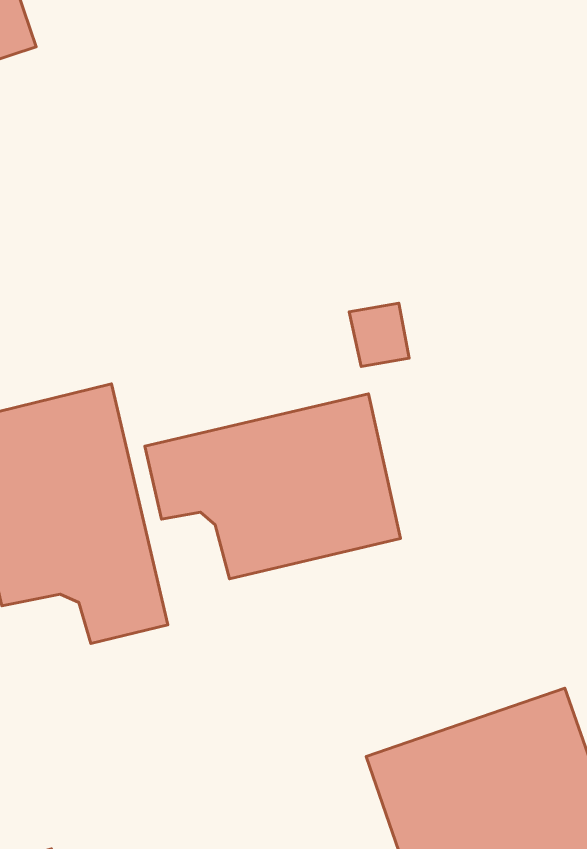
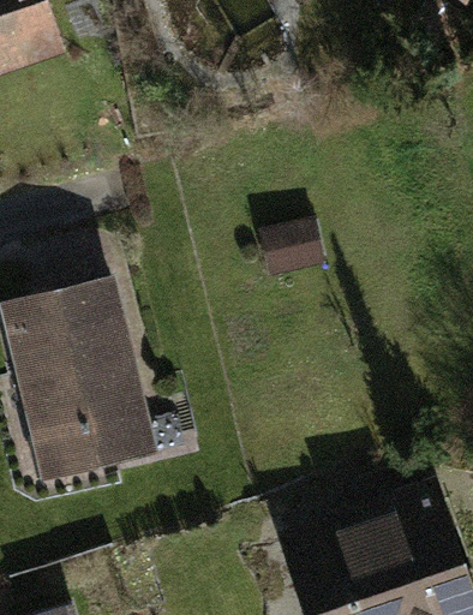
building: [145,394,400,579] -> none

